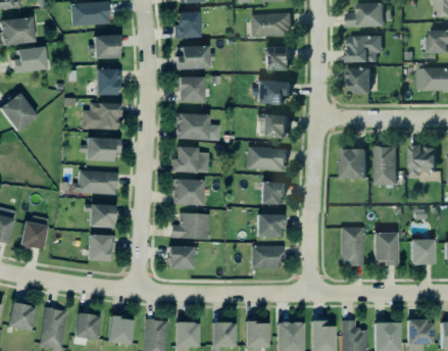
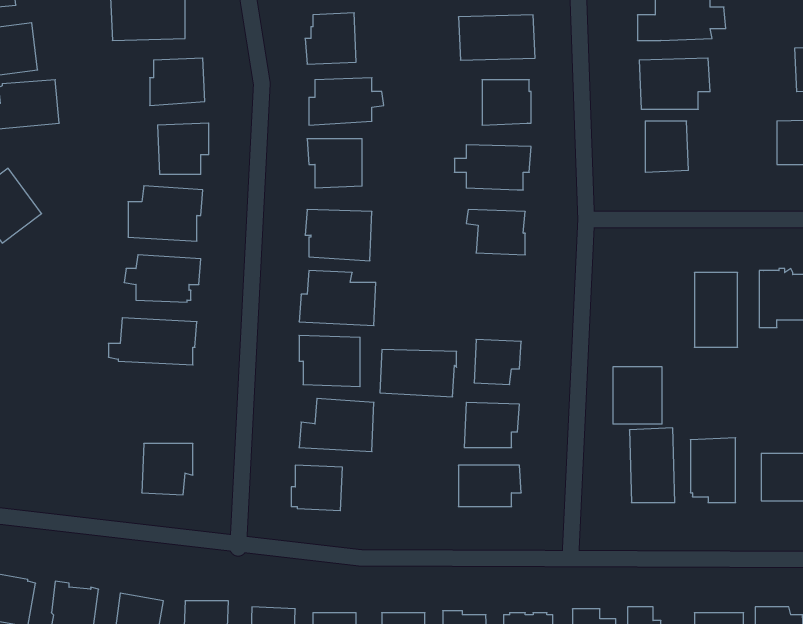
building: [247,146,287,170] -> [380,350,457,397]
building: [340,148,365,178] -> [613,367,662,424]
building: [84,203,115,228] -> none
building: [19,221,46,249] -> none

